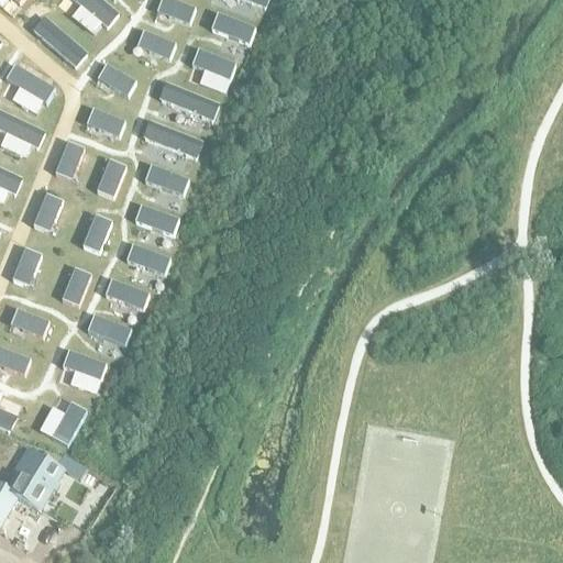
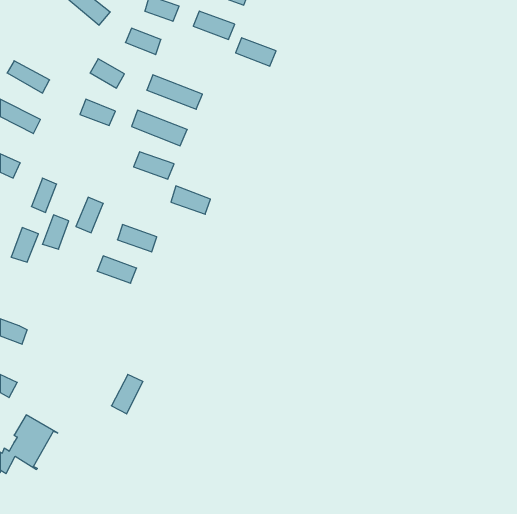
building: [33,15,87,65] -> none
building: [191,48,235,79] -> [236,38,276,66]
building: [55,142,84,179] -> none
building: [96,159,126,197] -> none
building: [135,203,178,234] -> [171,186,210,214]
building: [62,267,90,305] -> [42,215,69,249]
building: [10,308,48,336] -> none
building: [88,314,132,345] -> none
building: [62,350,104,379] -> none
building: [52,401,86,444] -> [111,374,143,414]

